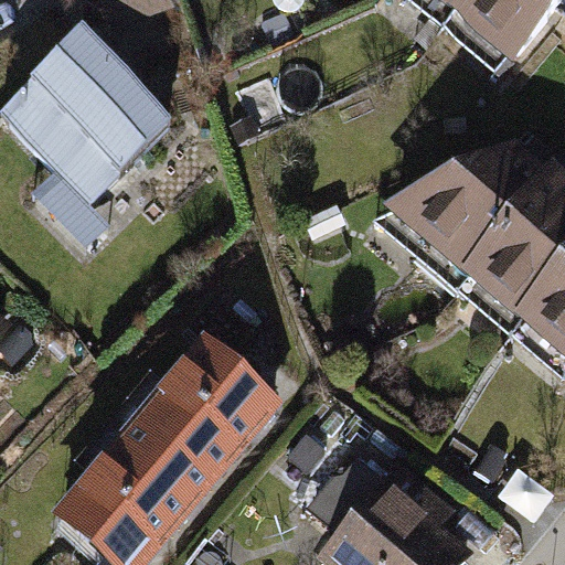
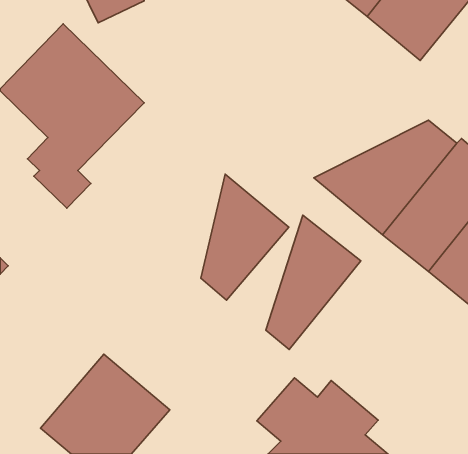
building: none -> [201,174,289,300]
building: none -> [266,215,361,349]
building: [126,337,282,493] -> none

